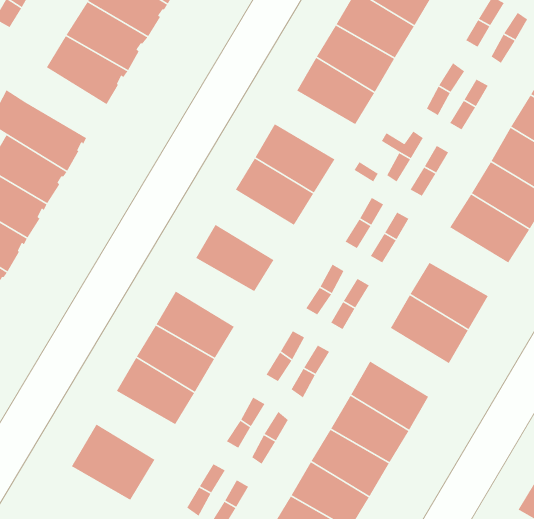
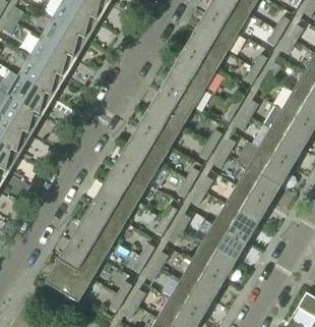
building: none -> [18,57,64,97]
building: none -> [159,70,204,109]
building: none -> [125,126,170,166]
building: none -> [246,148,291,186]
building: none -> [103,165,147,204]
building: none -> [212,205,257,243]
building: none -> [58,240,103,279]

